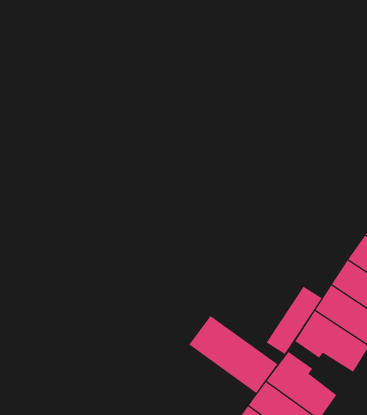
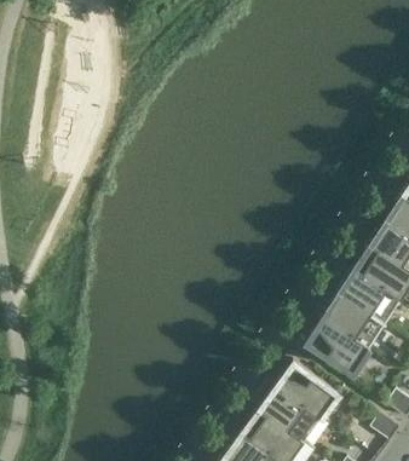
building: [266,286,322,355] -> none
building: [189,315,278,394] -> none

